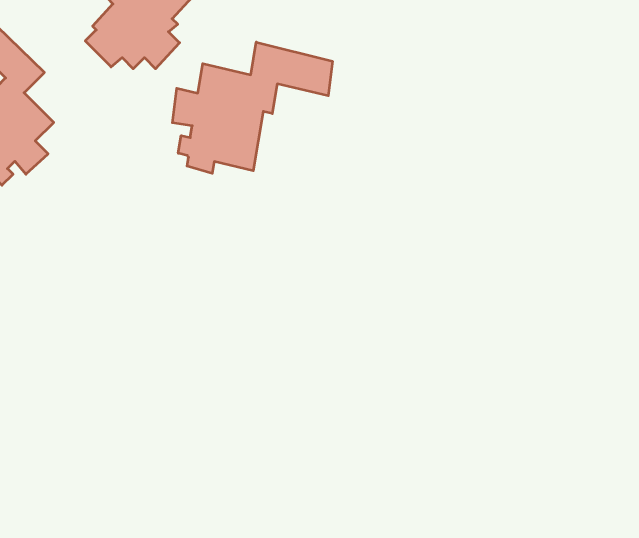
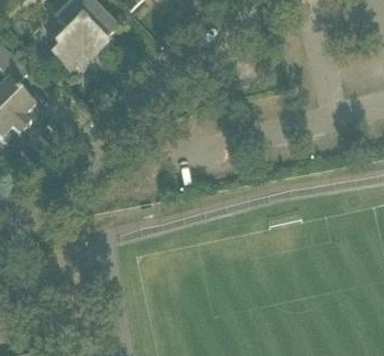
building: [172,42,332,173] -> none

